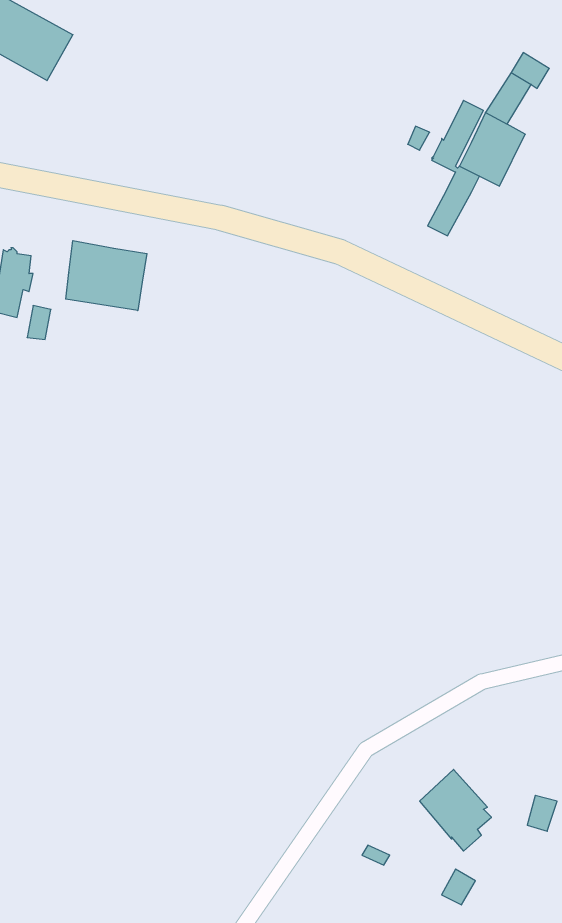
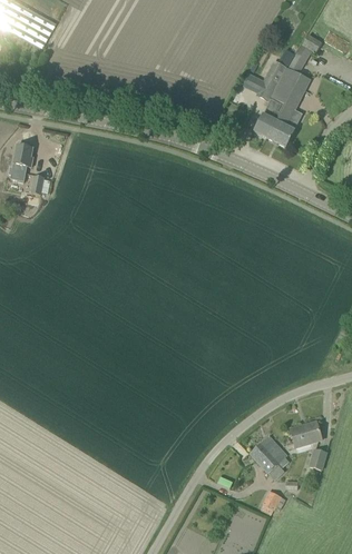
building: none -> [265,102,294,147]
building: [66,241,147,311] -> none
building: none -> [290,421,322,446]

